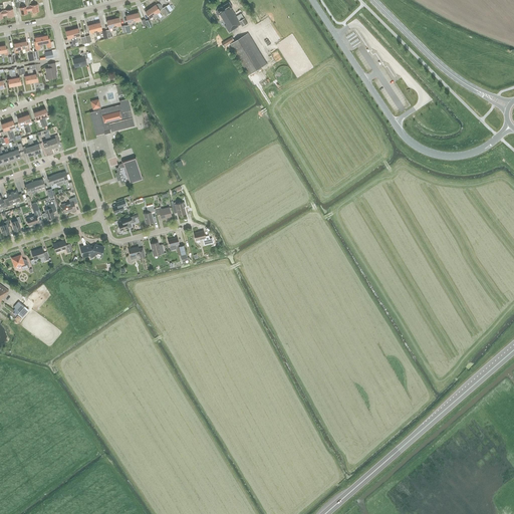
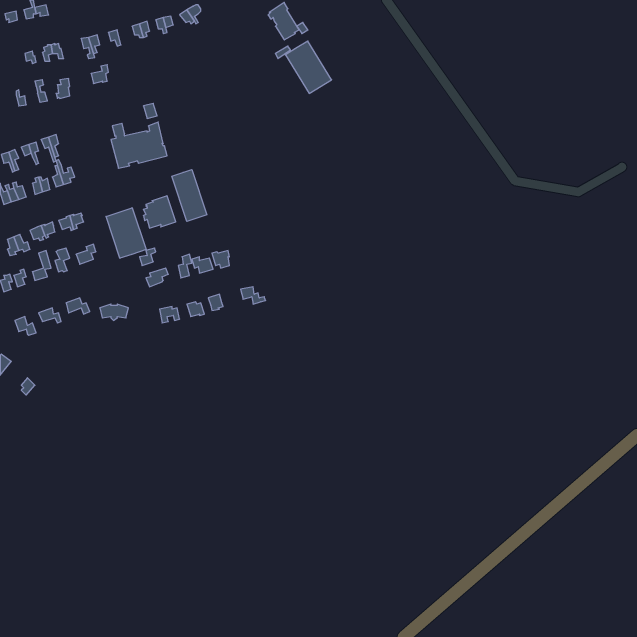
building: none -> [172,170,207,221]
building: none -> [106,208,146,258]

